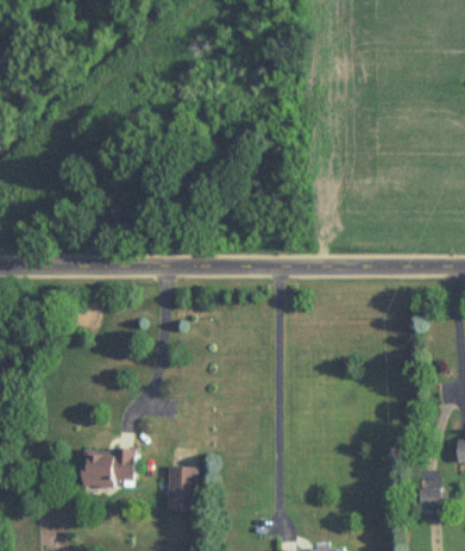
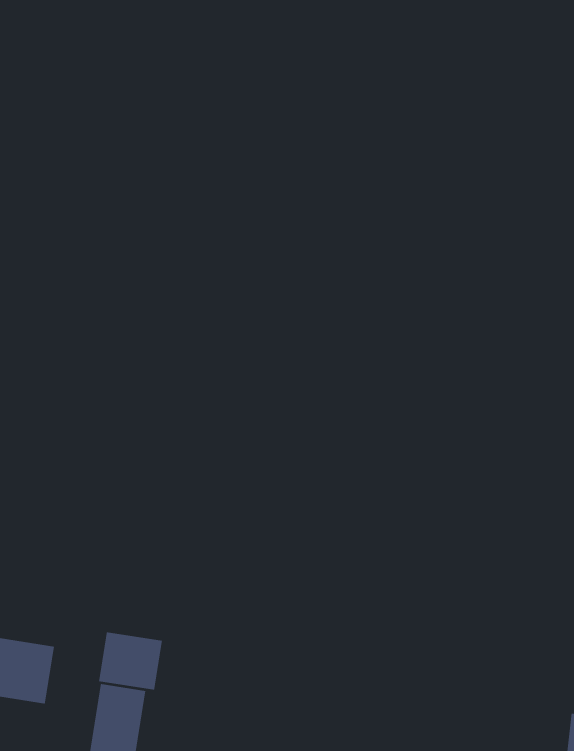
building: none -> [99,631,162,691]

